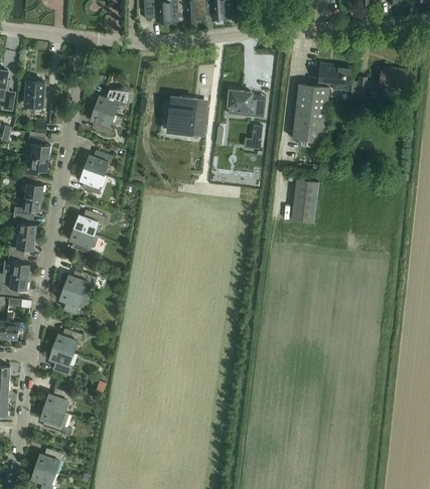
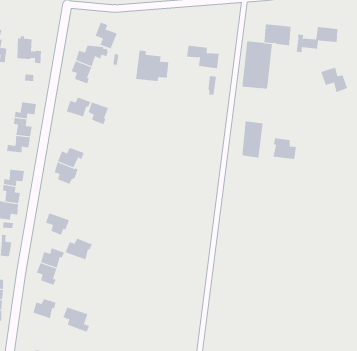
building: none -> [95,22,118,49]
building: none -> [321,67,348,93]
building: [27,136,49,159] -> none
building: [79,168,104,195] -> [88,102,109,125]
building: none -> [273,138,296,160]
building: [11,215,36,238] -> none
building: [62,271,96,297] -> [65,238,93,260]
building: [38,406,70,437] -> [63,307,90,332]

